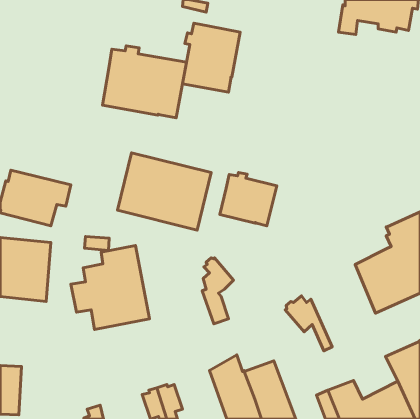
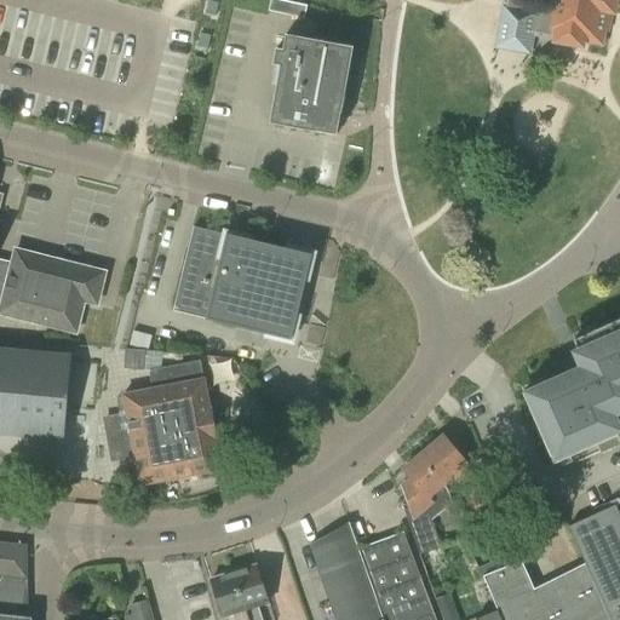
building: [103,46,186,118] -> none
building: [220,172,277,226] -> none
building: [202,258,233,324] -> [402,457,448,553]

